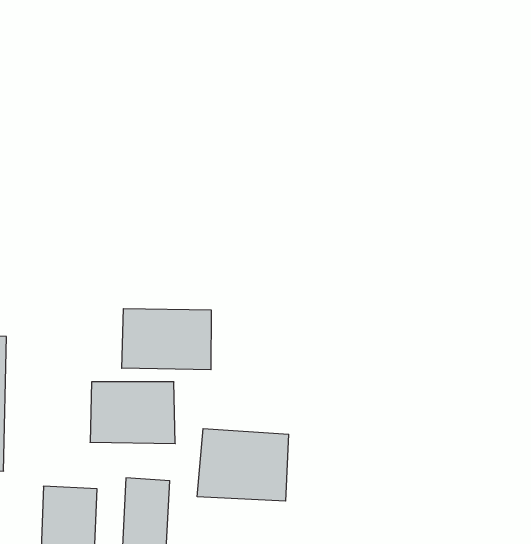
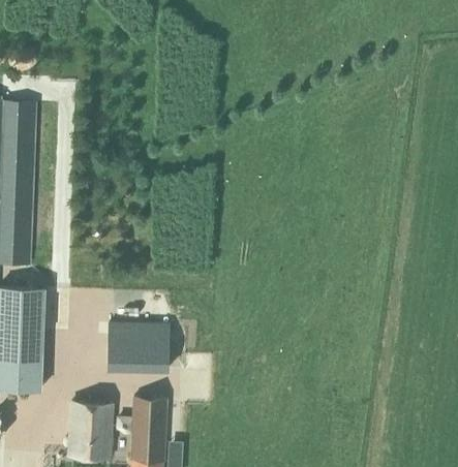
building: [122,309,211,370] -> none
building: [197,429,289,501] -> none

